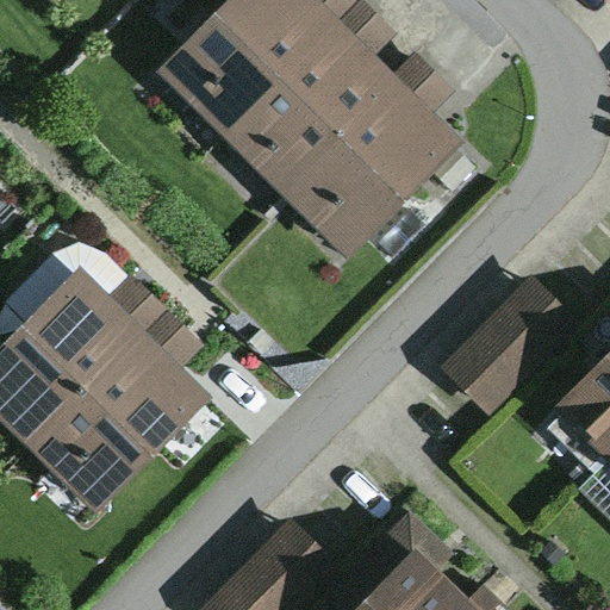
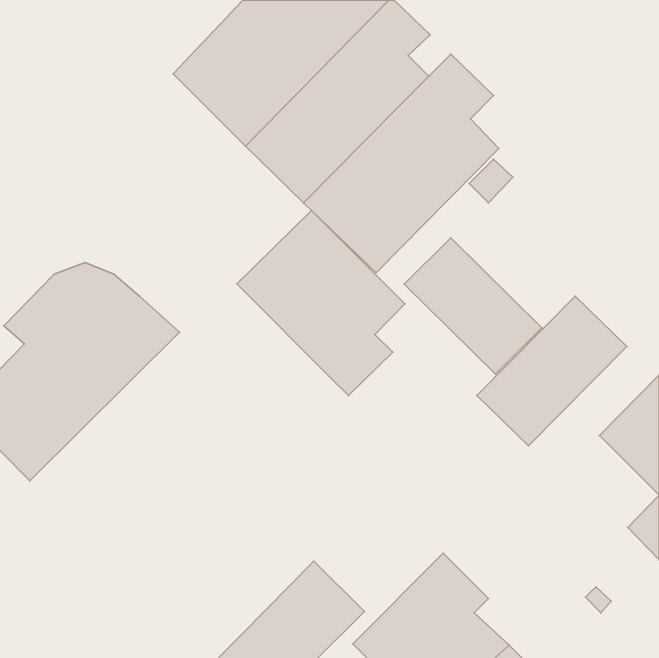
building: none -> [237,210,405,396]
building: none -> [404,238,542,374]
building: [27,309,211,512] -> none

